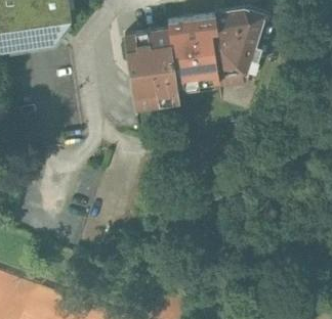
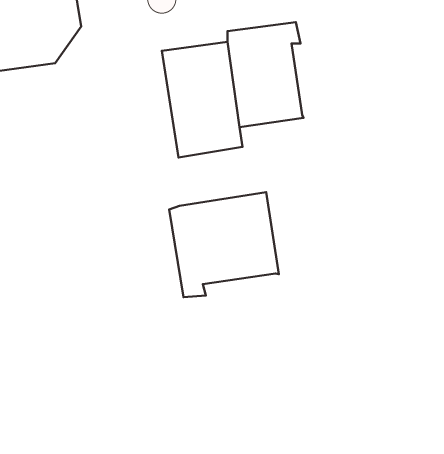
building: [211,7,266,78] -> none
building: none -> [169,192,279,297]

